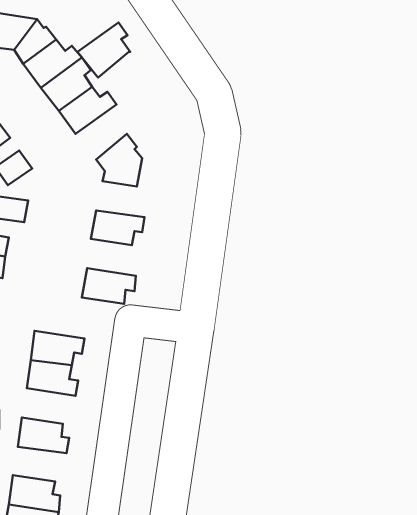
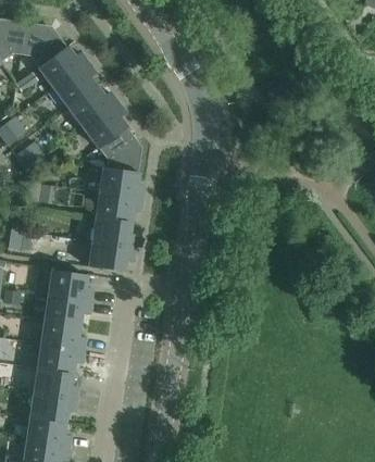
building: [78,22,130,77] -> [83,102,127,149]
building: none -> [100,167,143,198]
building: none -> [92,216,136,248]
building: none -> [48,270,92,301]
building: none -> [37,344,83,374]
building: none -> [29,394,75,423]

